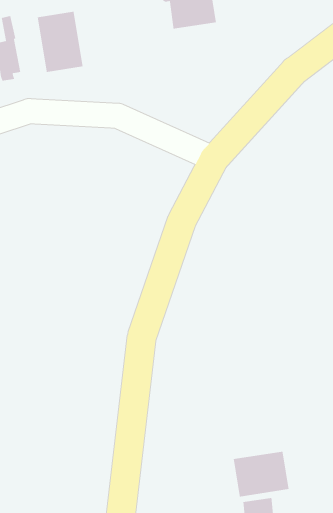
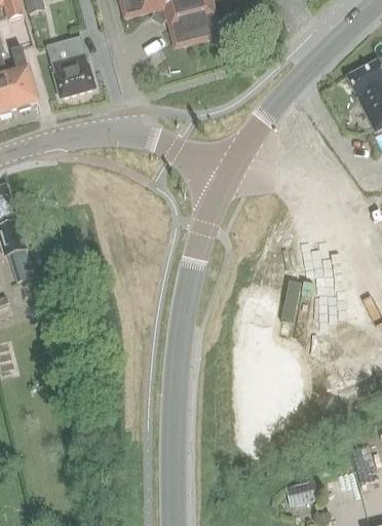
building: [233,451,289,497] -> none

